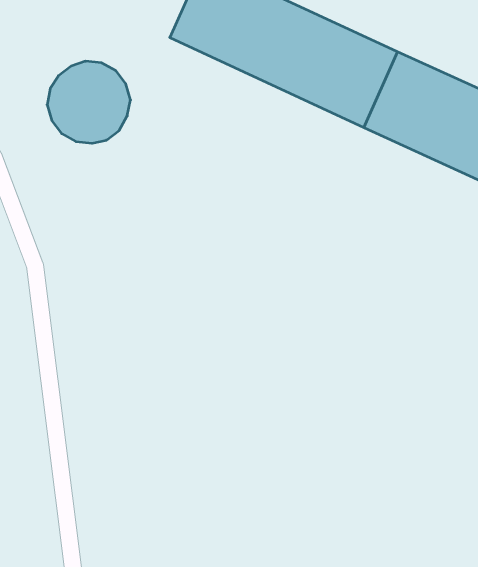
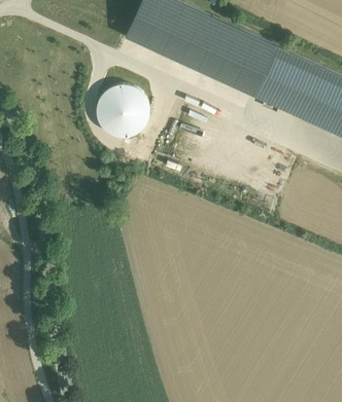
building: [47,61,131,143] -> [97,85,150,138]

